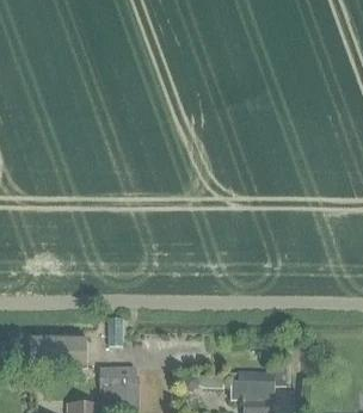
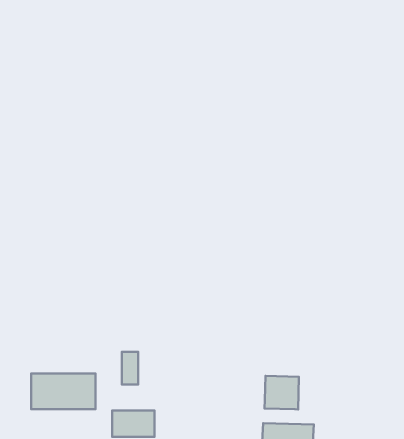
building: none -> [264,376,299,409]

